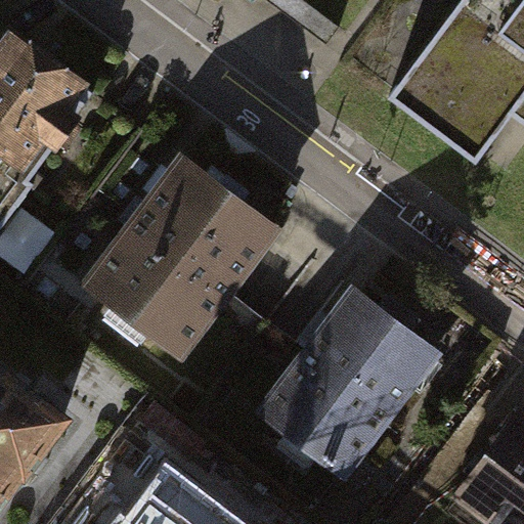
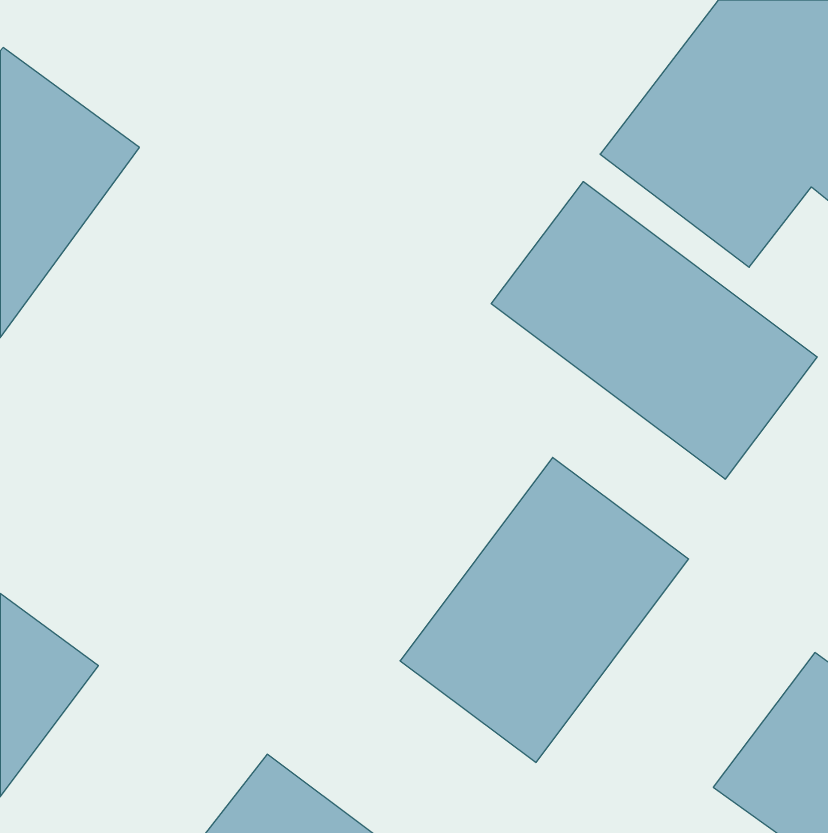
building: none -> [491,182,817,479]
building: [86,161,275,356] -> none

